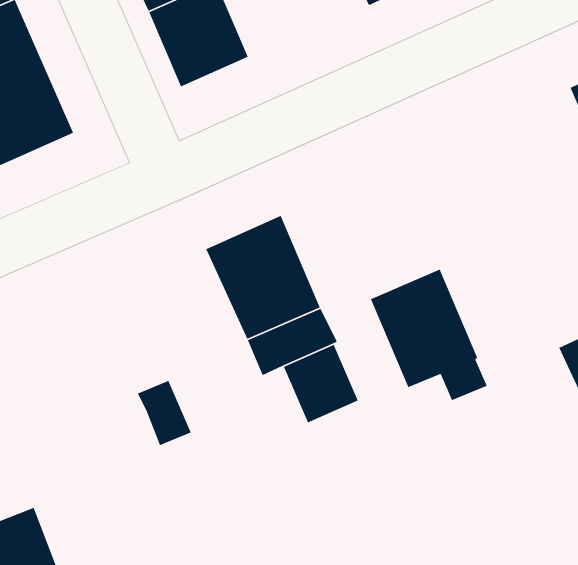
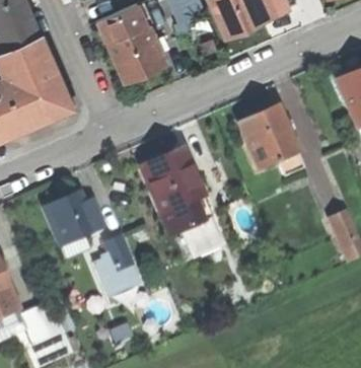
building: [370,269,488,401] -> [238,106,301,177]
building: none -> [46,194,102,246]
building: none -> [90,253,141,297]

